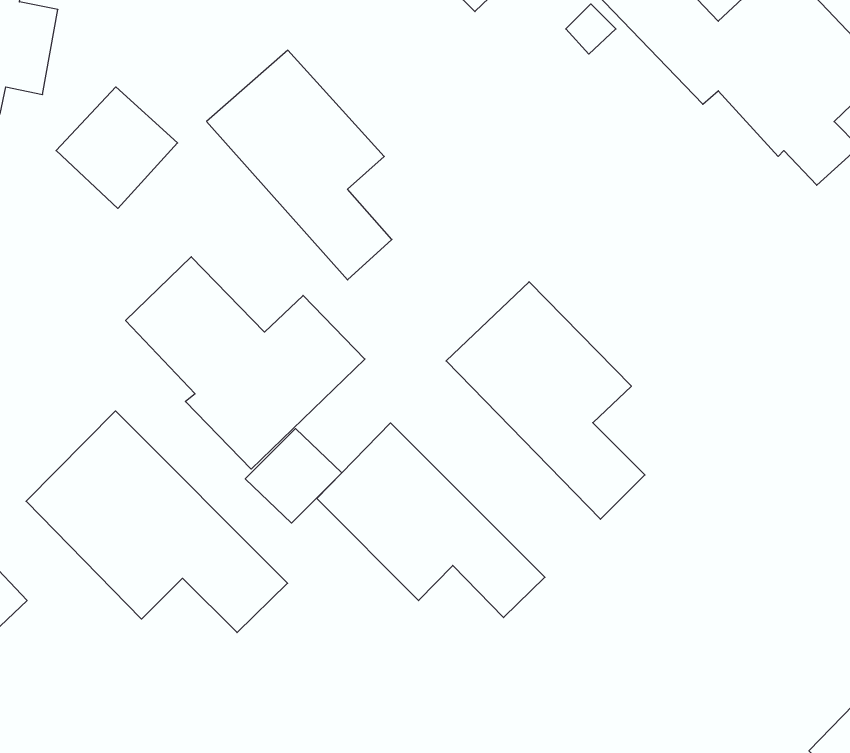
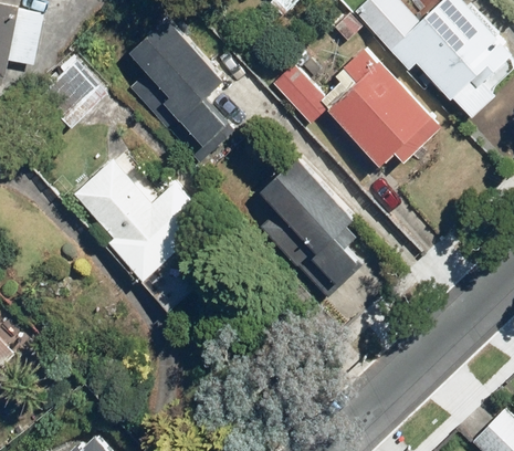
building: none -> [266,46,440,166]
building: [26,411,288,633] -> none
building: [317,423,545,618] -> none

